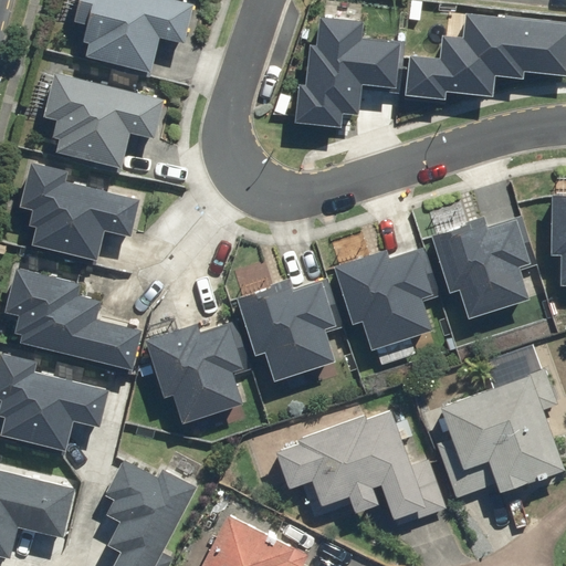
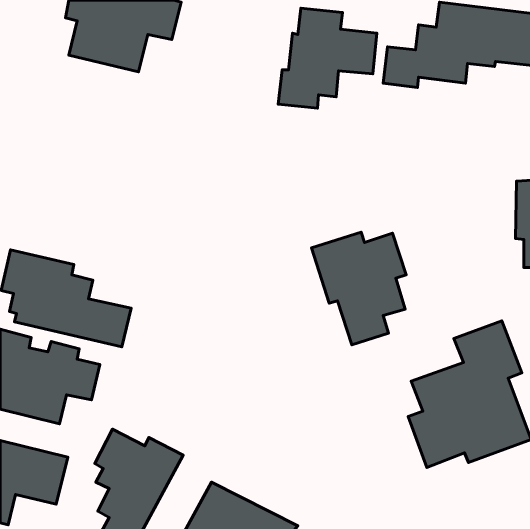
building: [43,74,165,169] -> none
building: [18,163,139,262] -> none
building: [429,219,531,319] -> none
building: [234,281,336,384] -> none
building: [144,323,252,424] -> none
building: [274,411,448,528] -> none

